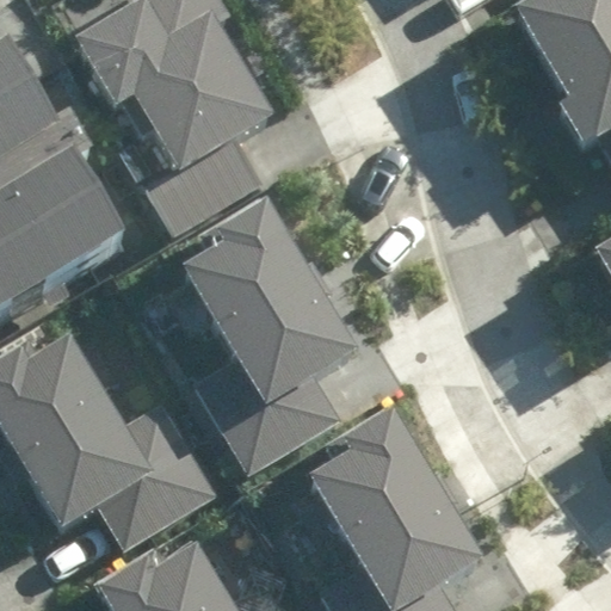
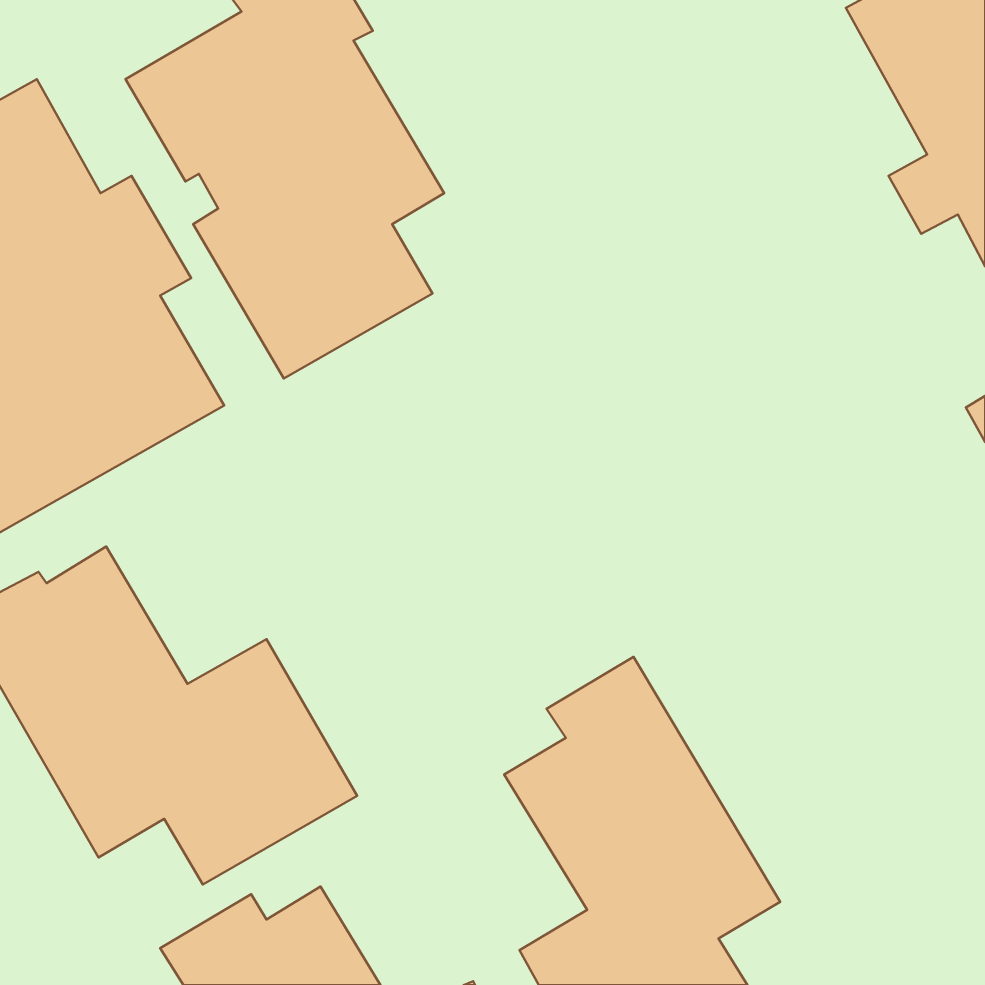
building: [183,199,356,470] -> none

